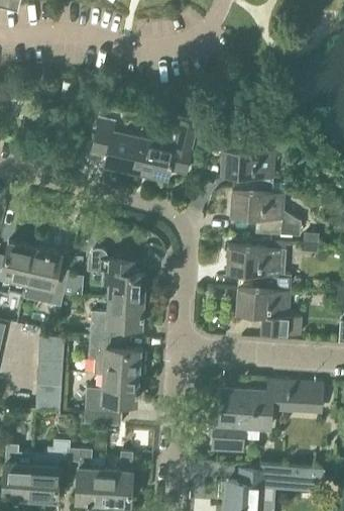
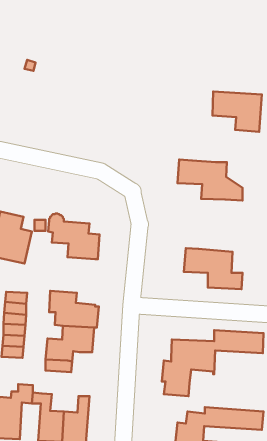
building: [90,119,195,183] -> none
building: [220,149,274,194] -> [212,92,262,132]
building: [226,247,291,293] -> none
building: [89,299,141,338] -> none

